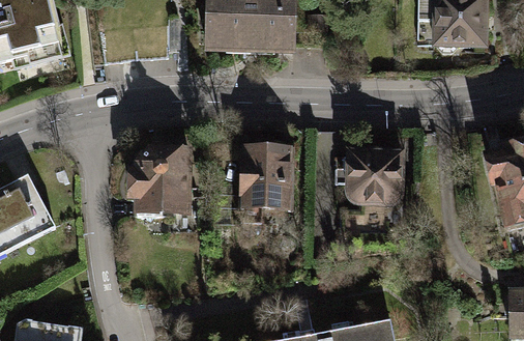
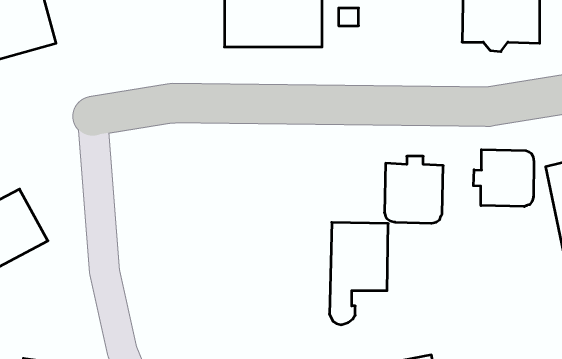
building: none -> [473,150,534,207]
building: [130,147,188,216] -> none
building: [240,148,292,238] -> [329,222,388,325]

